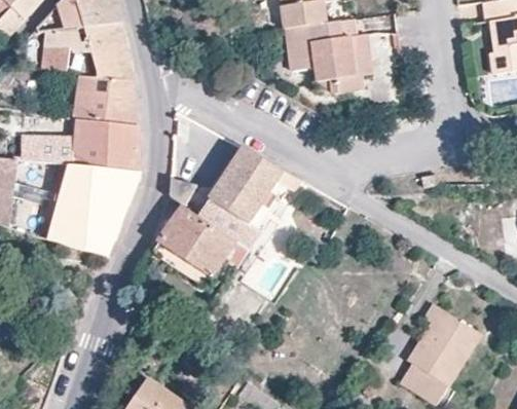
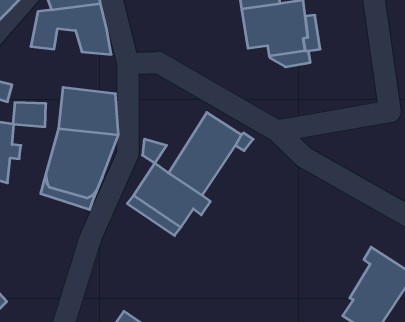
building: [71,74,138,124] -> none

